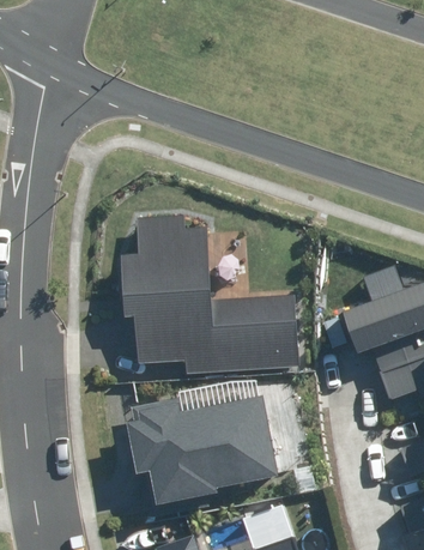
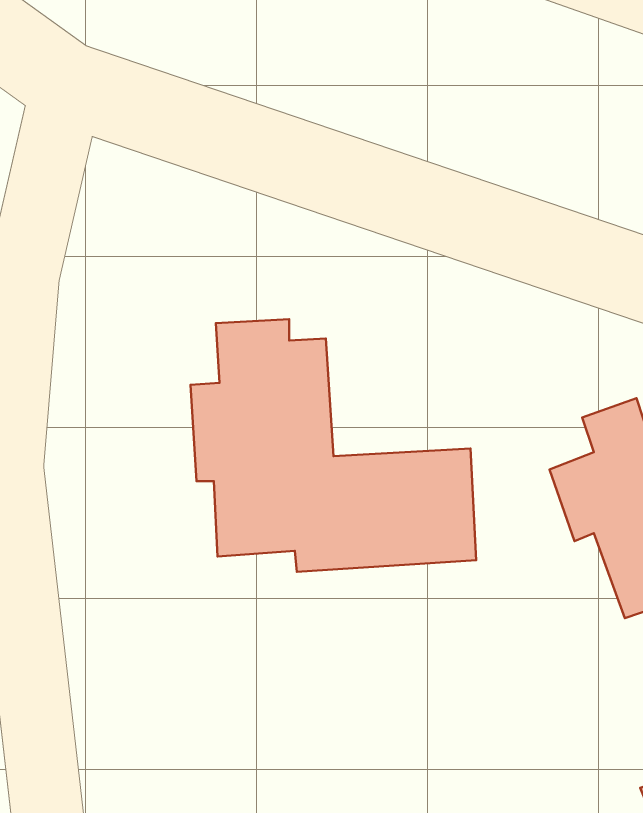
building: [126,395,277,504] -> none

